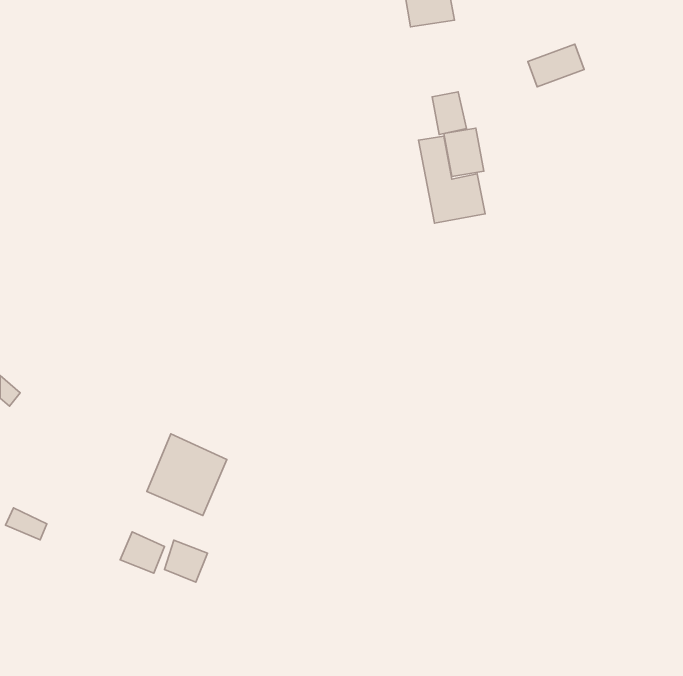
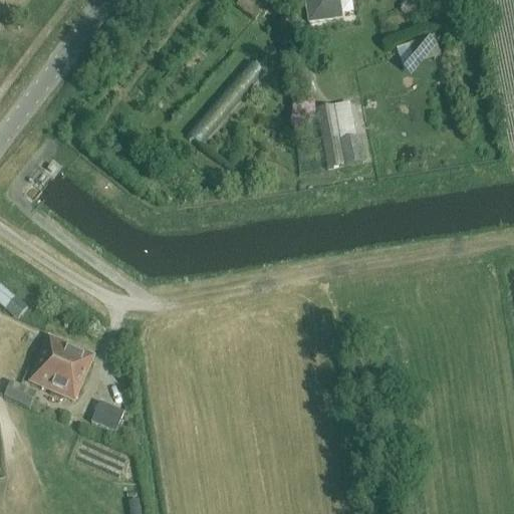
building: [432,92,467,135] -> none
building: [147,434,227,515] -> [31,336,91,398]
building: [164,540,208,582] -> none

